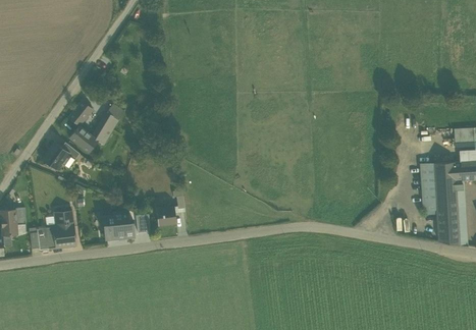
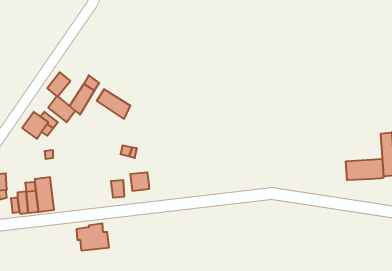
building: none -> [97,89,130,119]
building: none -> [346,159,383,180]
building: [99,211,134,239] -> [76,223,109,250]

